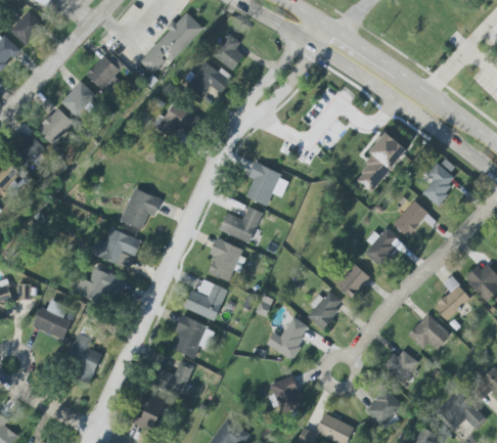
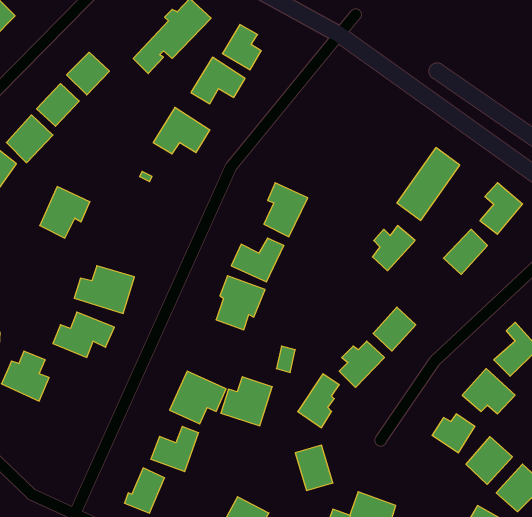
building: [121,187,162,229] -> [40,187,90,238]
building: [365,227,400,264] -> [372,226,415,271]
building: [185,279,227,319] -> [221,377,272,426]
building: [66,333,101,384] -> none
building: [365,388,403,427] -> [466,437,512,484]

